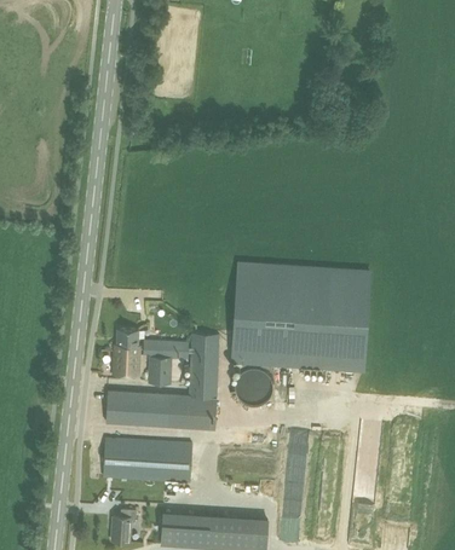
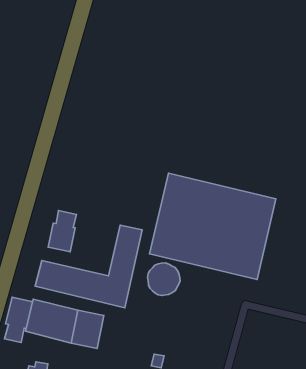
building: [143,340,189,383] -> none
building: none -> [4,297,32,343]

